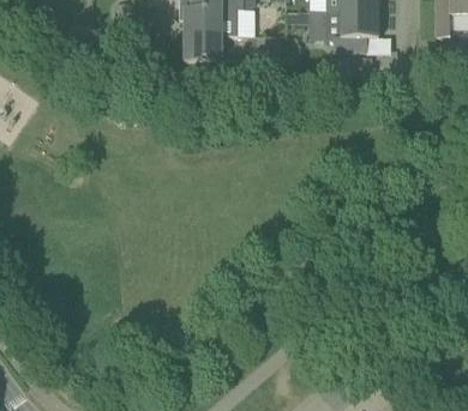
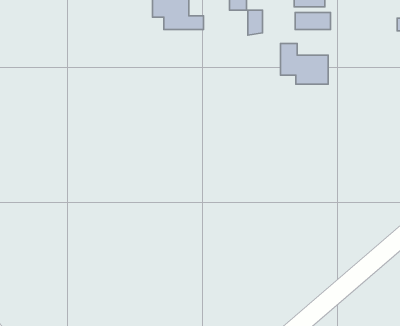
building: none -> [280,44,328,84]

